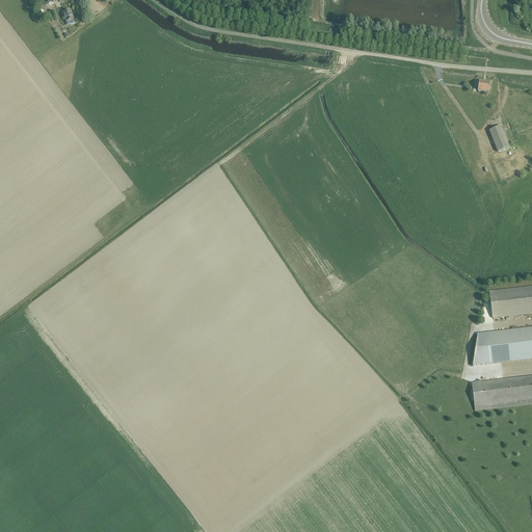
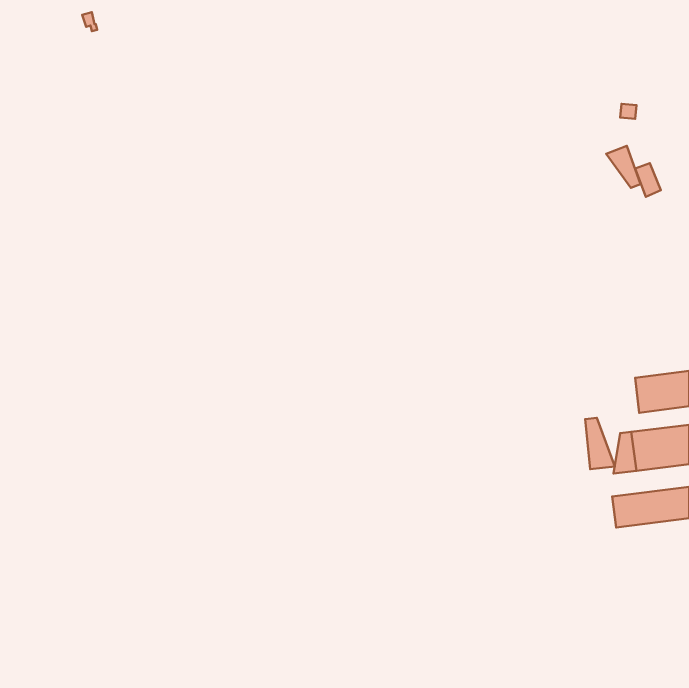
building: none -> [606,146,641,188]
building: none -> [585,418,615,469]

